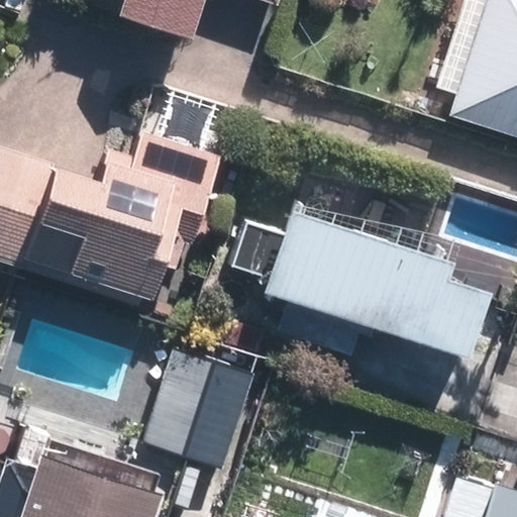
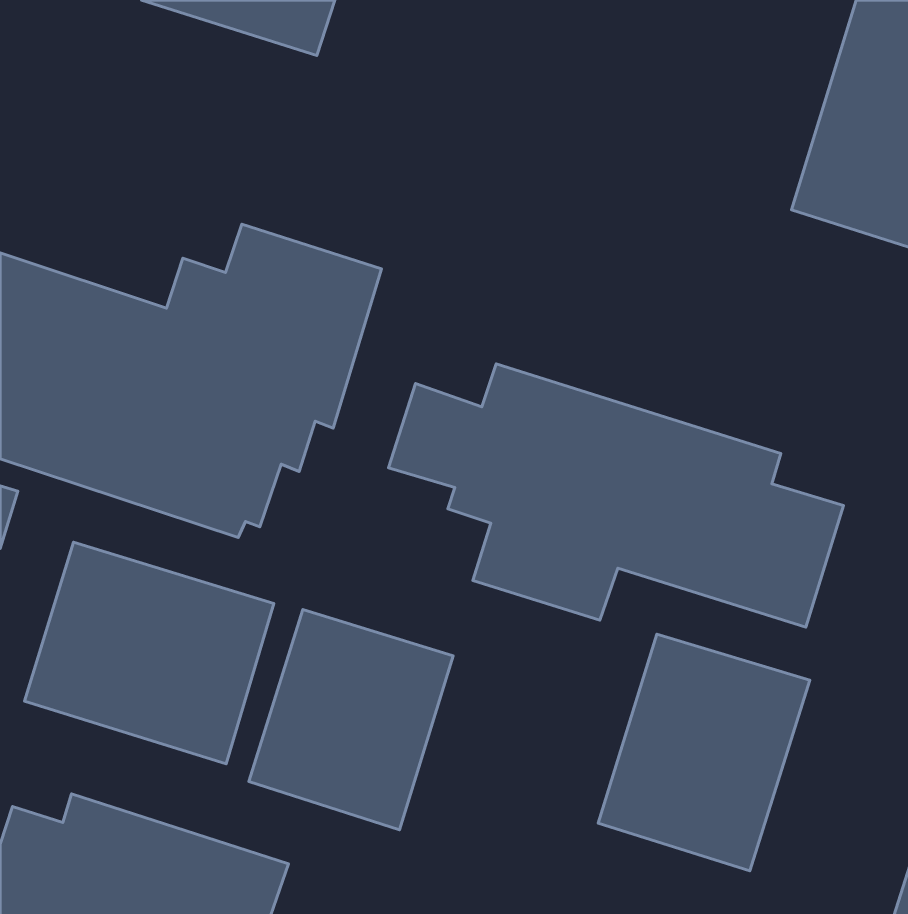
building: none -> [24,542,274,764]
building: none -> [598,634,810,871]

